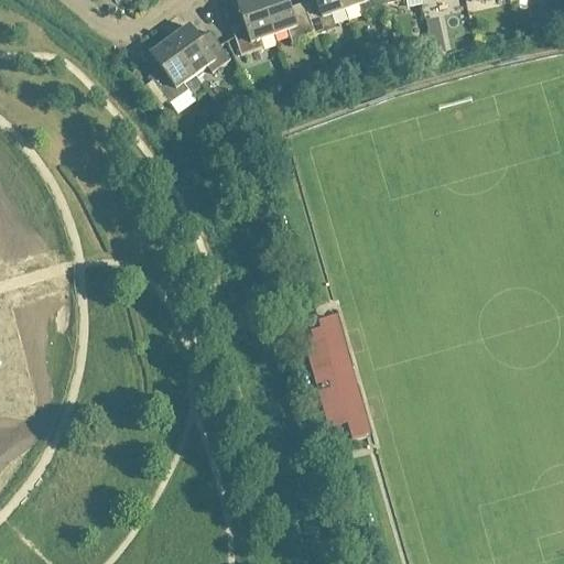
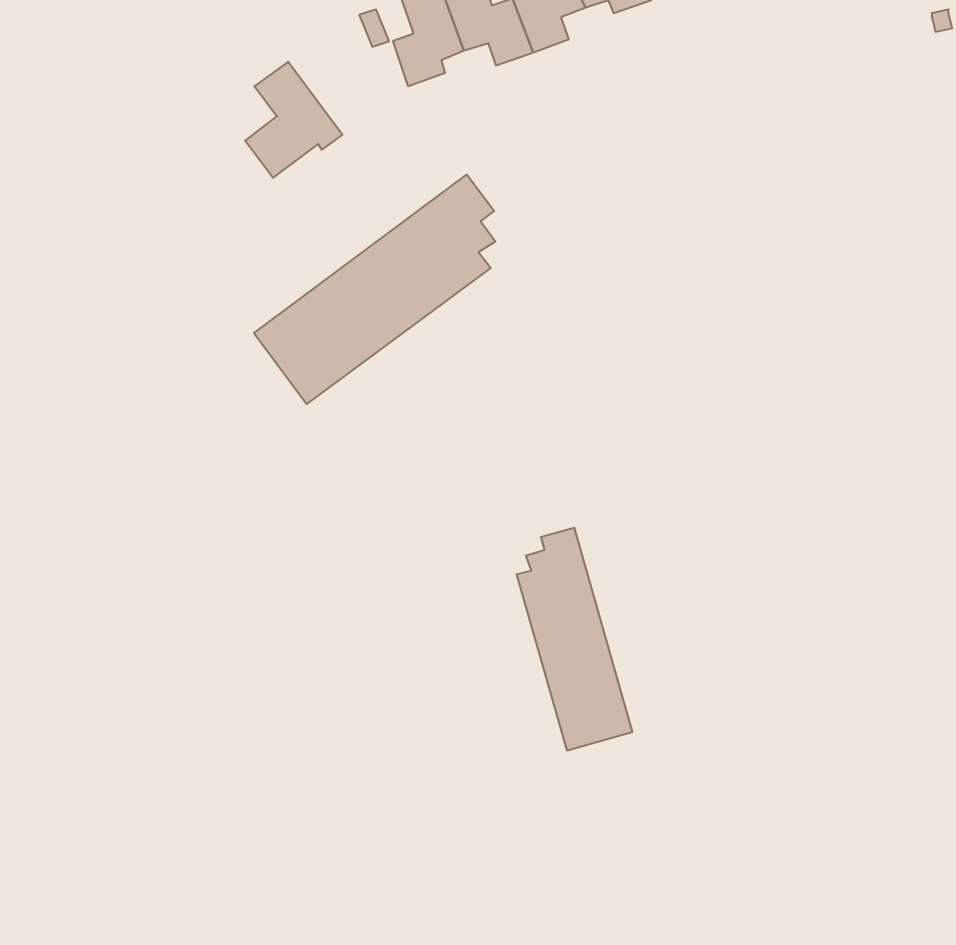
building: [170,21,230,70] -> none
building: none -> [254,175,495,404]

